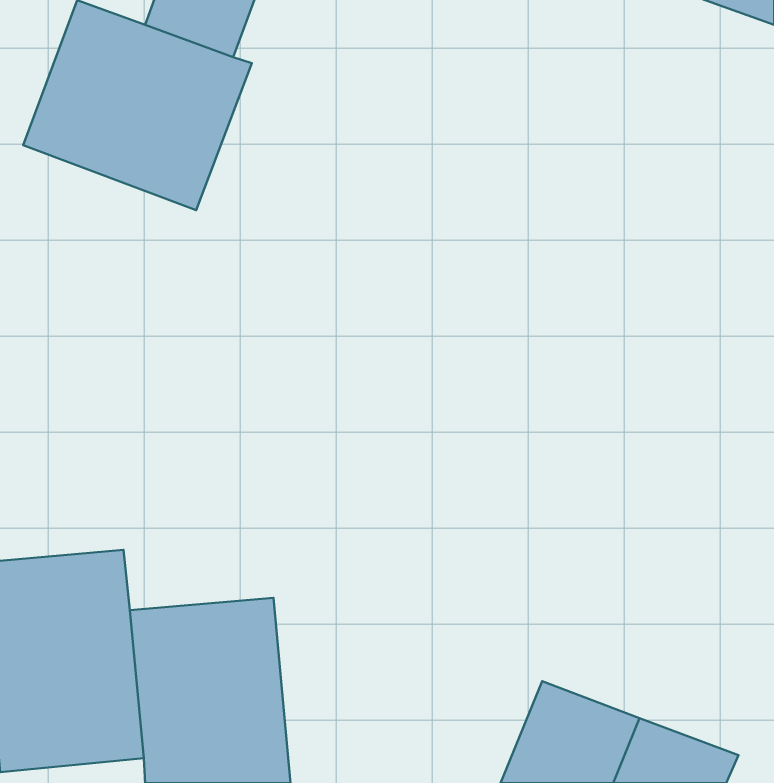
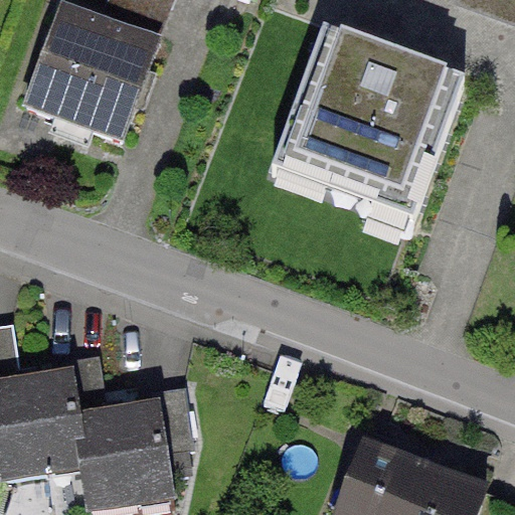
building: none -> [277,32,451,221]

